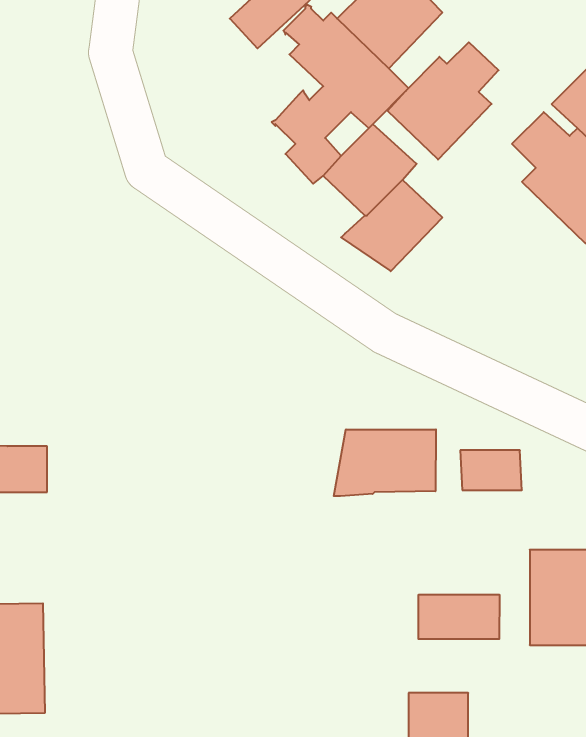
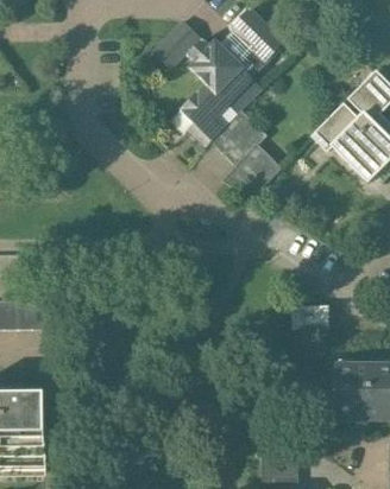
building: [388,42,499,160] -> none
building: [334,429,436,496] -> none
building: [418,595,499,639] -> none

